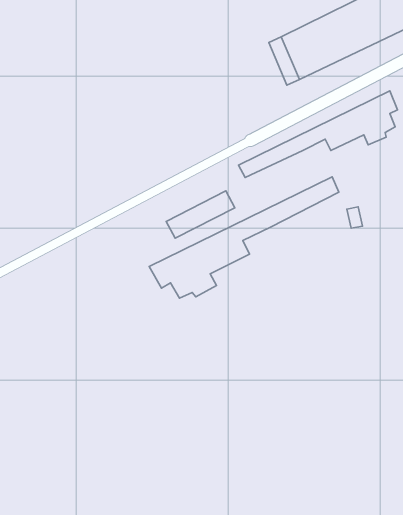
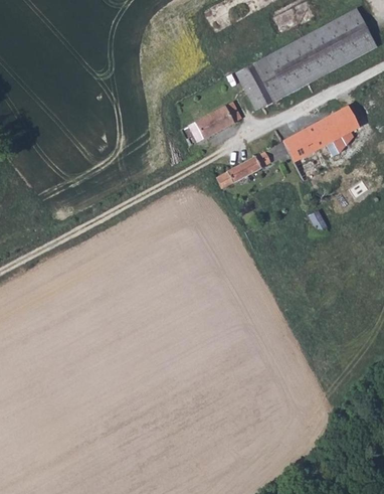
building: [149,177,339,298] -> none
building: [166,191,235,238] -> [188,97,249,139]

